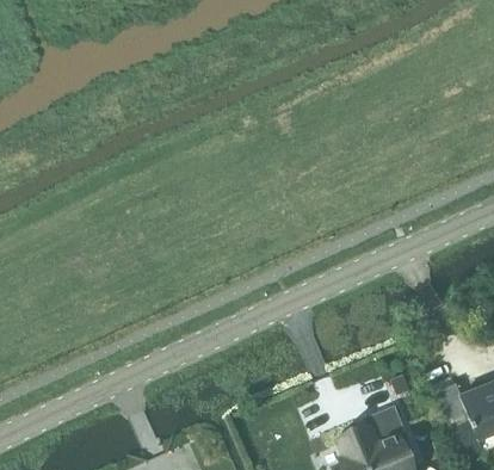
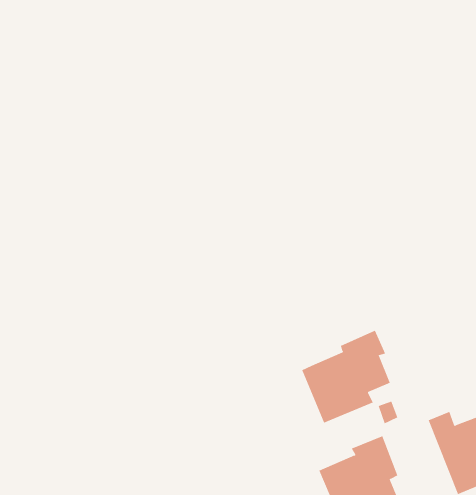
building: none -> [302,330,390,423]

